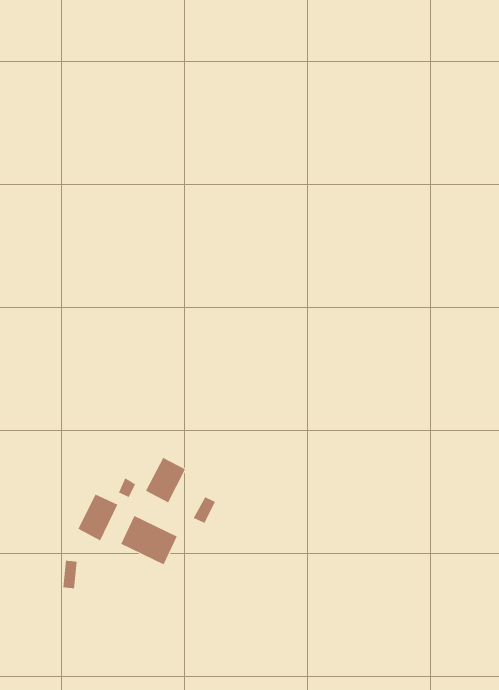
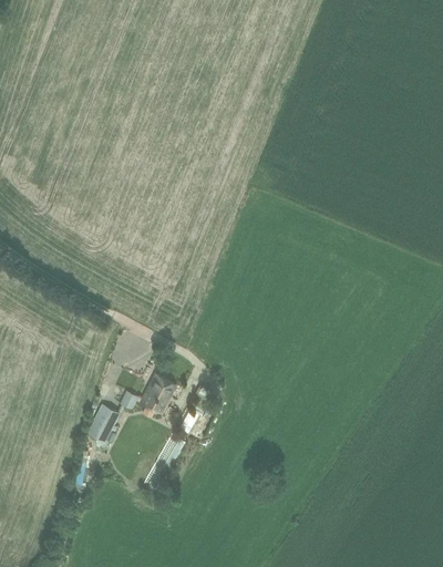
building: [120,515,177,565] -> none

